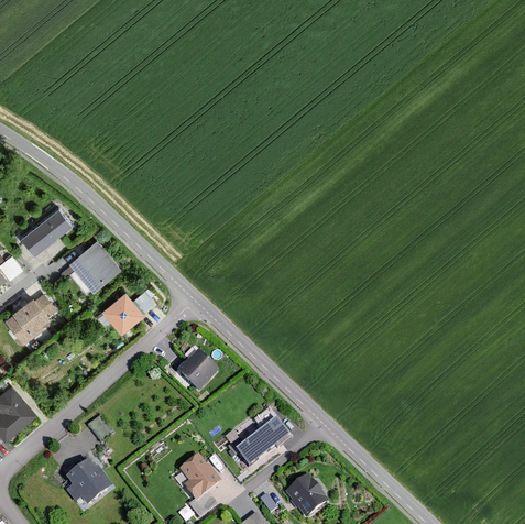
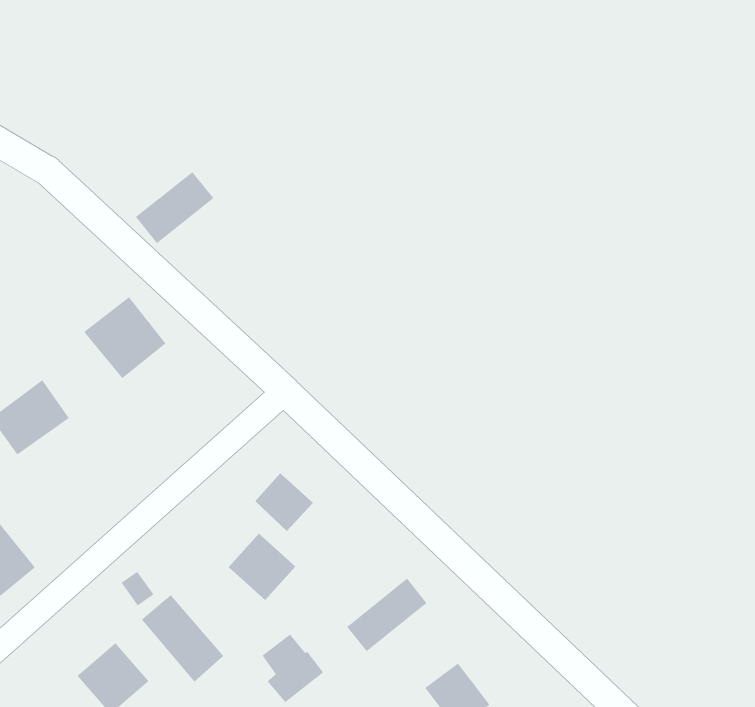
building: [22,207,74,254] -> [135,171,215,244]
building: [103,291,146,334] -> none
building: none -> [228,533,296,601]
building: none -> [141,594,224,683]

